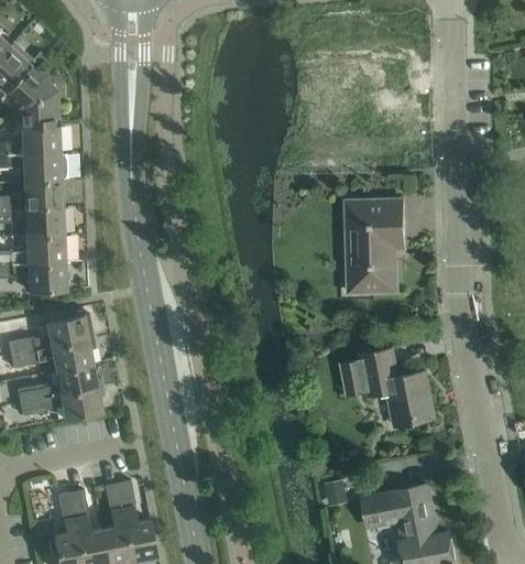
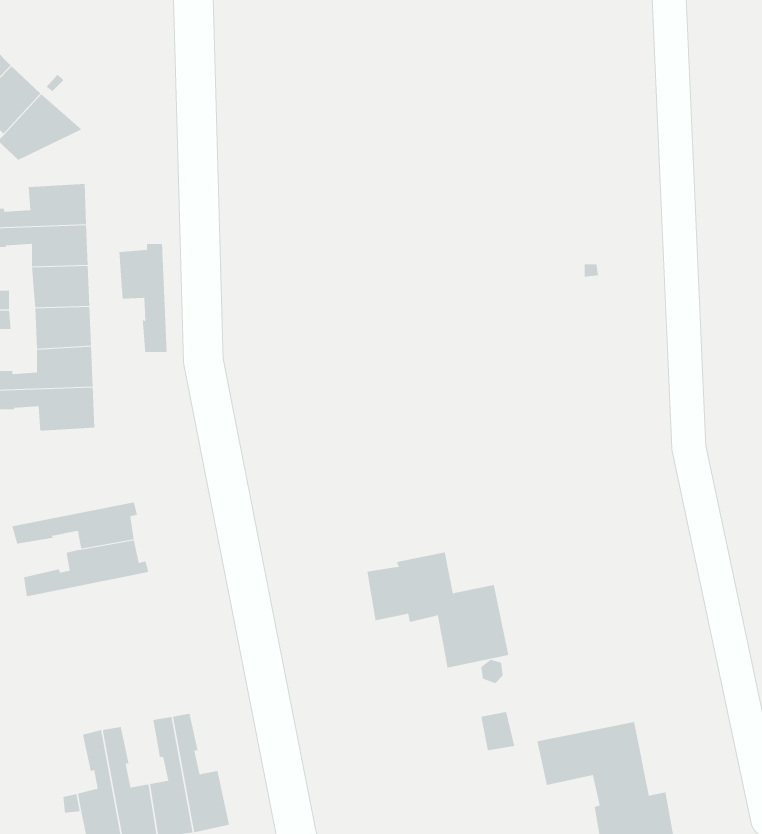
building: [14,88,59,127] -> none
building: none -> [119,243,167,353]
building: [347,199,405,292] -> none
building: [8,310,92,355] -> none
building: [340,348,436,426] -> [367,552,509,668]
building: [20,386,103,419] -> none

